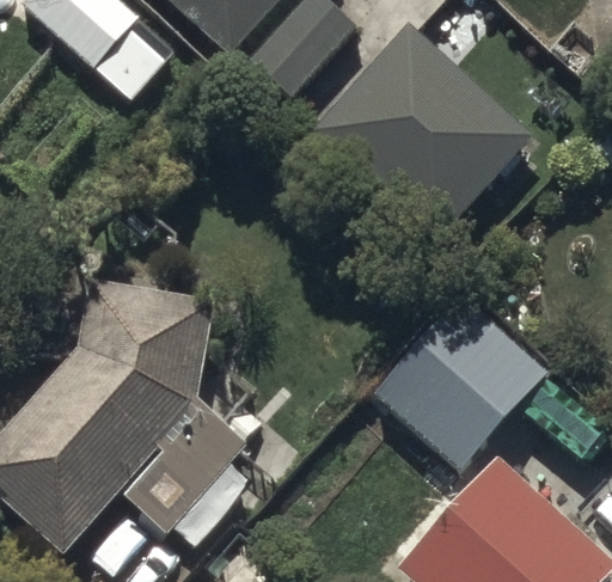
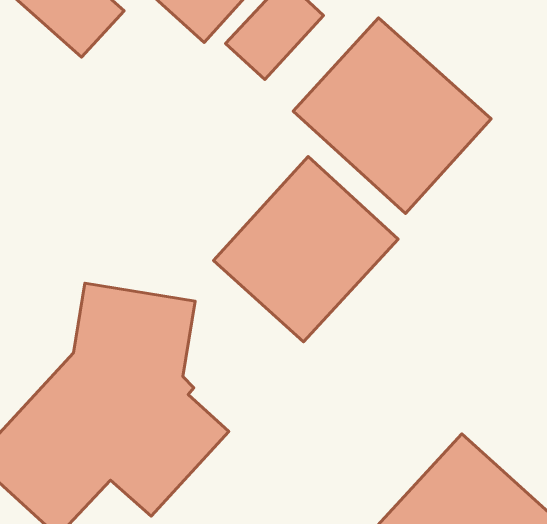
building: none -> [214,157,398,342]
building: [351,296,544,492] -> none

